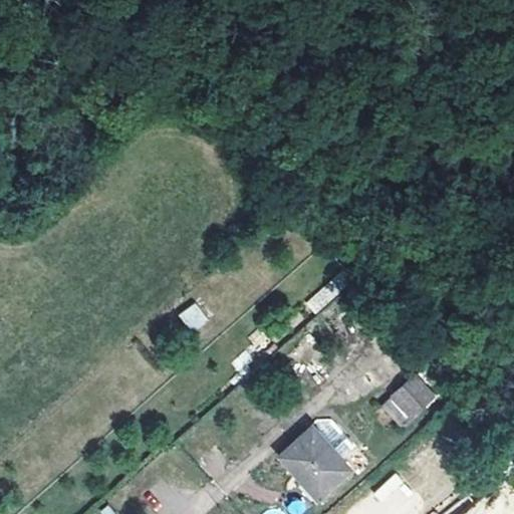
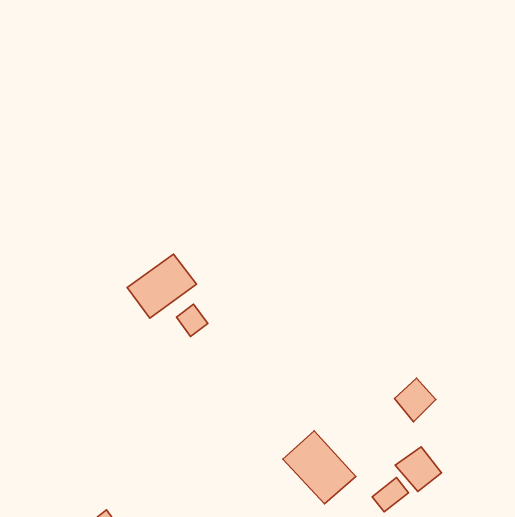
building: none -> [127,254,196,318]
building: none -> [395,447,442,492]

